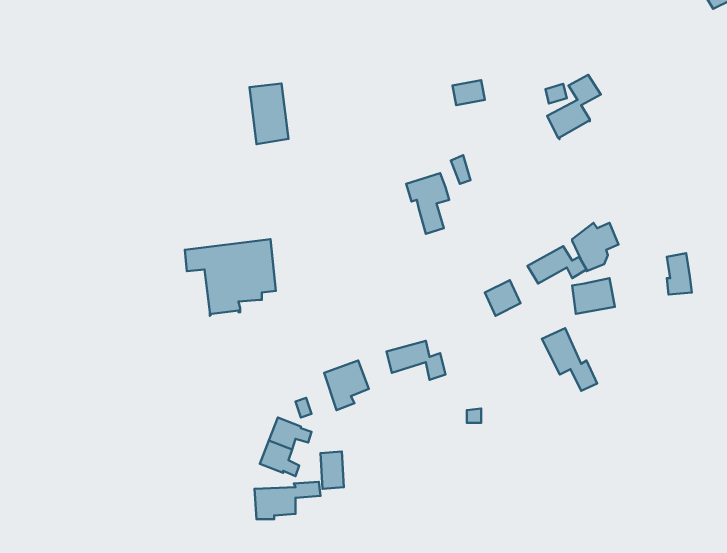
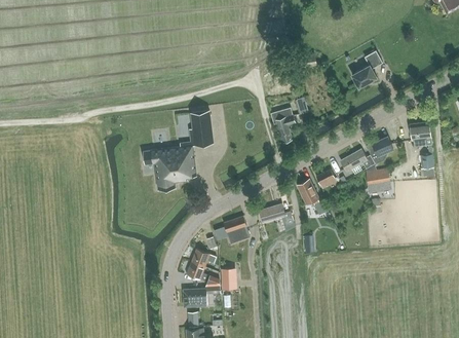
building: [249,83,289,144] -> [191,111,214,146]
building: none -> [409,122,432,147]
building: [542,328,597,391] -> [297,179,329,215]

